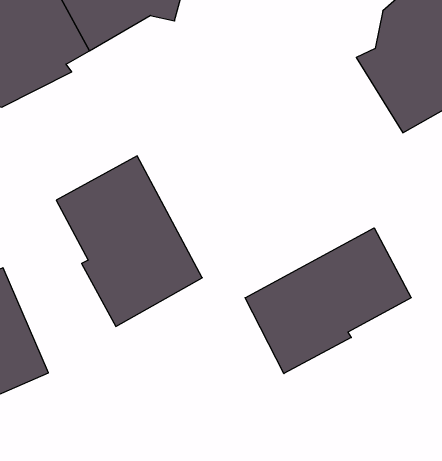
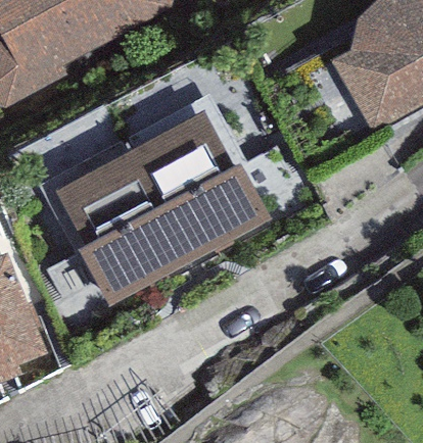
building: none -> [128,108,269,261]
building: [245,228,411,374] -> none

